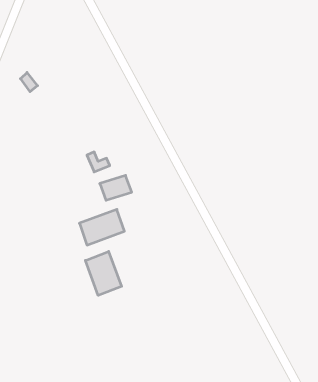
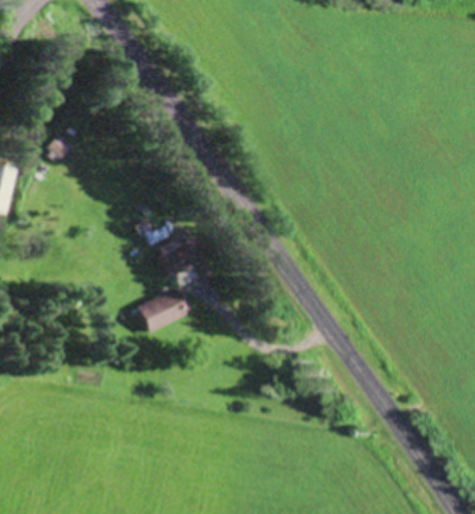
building: [85,251,122,295] -> none

